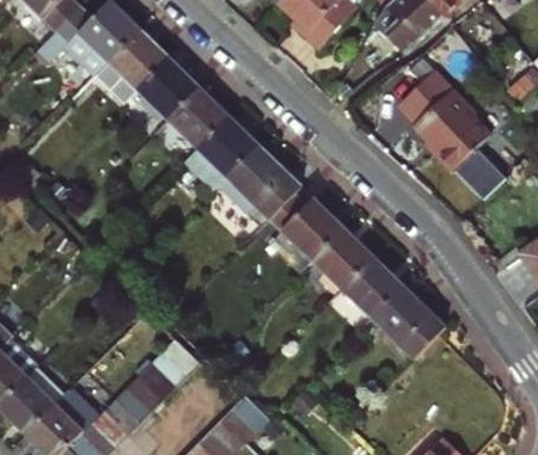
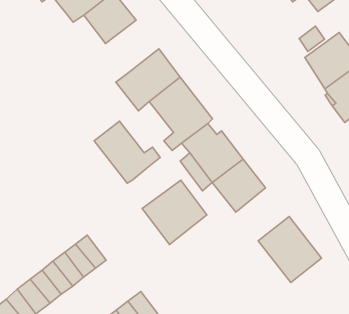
building: [170,90,231,150] -> none
building: none -> [94,121,160,183]
building: [343,258,404,319] -> none
building: none -> [142,180,207,244]

